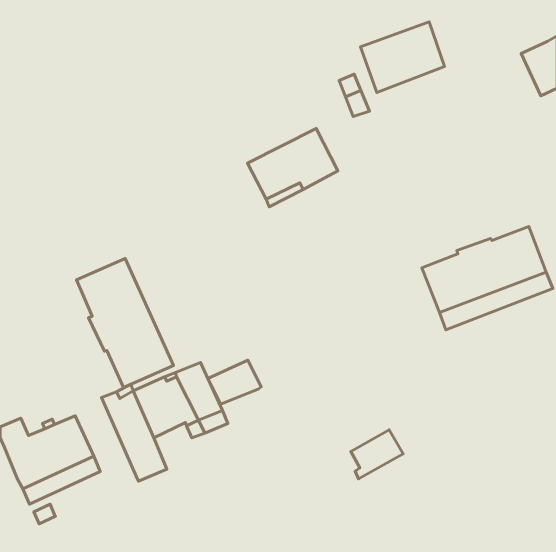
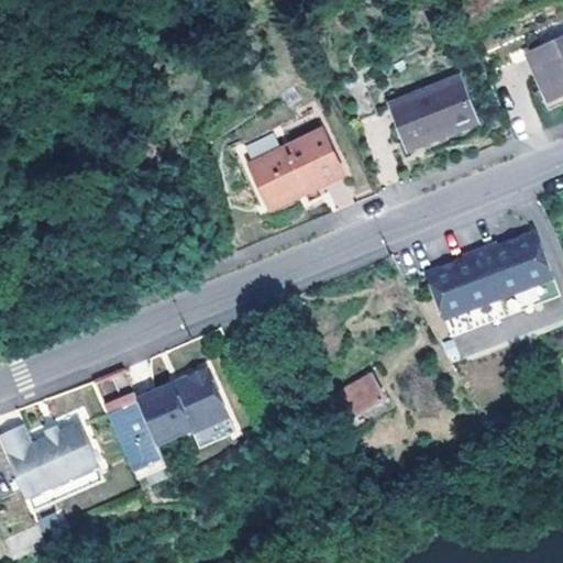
building: [361,22,445,92] -> [389,76,474,147]
building: [76,258,173,388] -> none
building: [208,360,261,404] -> none
building: [351,430,403,479] -> [330,372,383,421]

